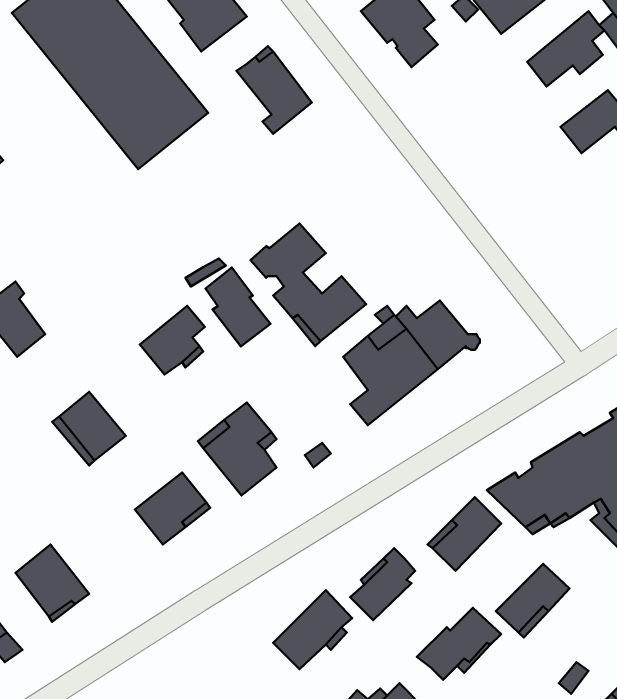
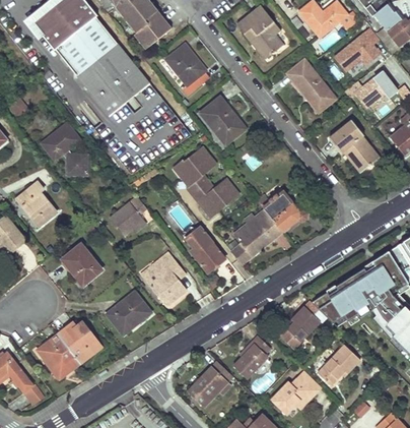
building: none -> [287,60,335,111]
building: none -> [201,97,246,144]
building: none -> [329,119,380,171]
building: none -> [43,124,87,174]
building: [206,268,270,347] -> [187,226,224,271]
building: none -> [58,322,101,362]

